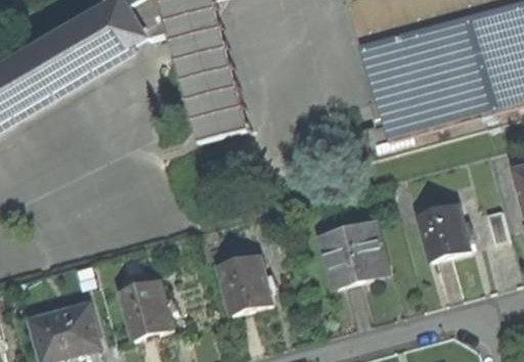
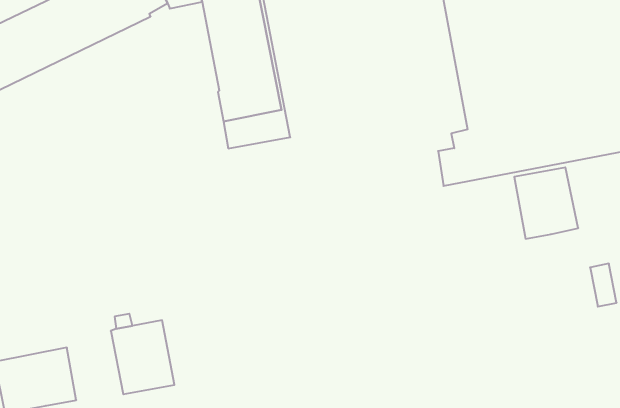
building: [419,201,471,259] -> [514,167,578,239]
building: [321,221,387,284] -> none
building: [218,253,271,313] -> none

